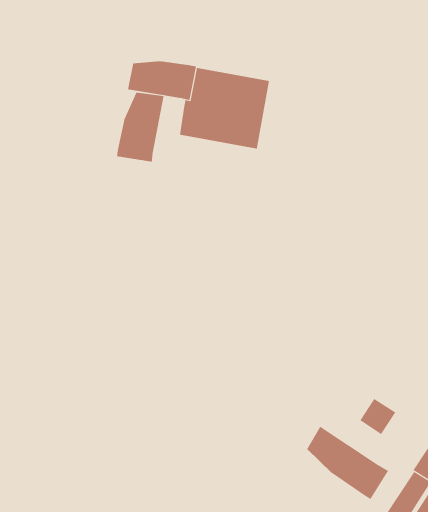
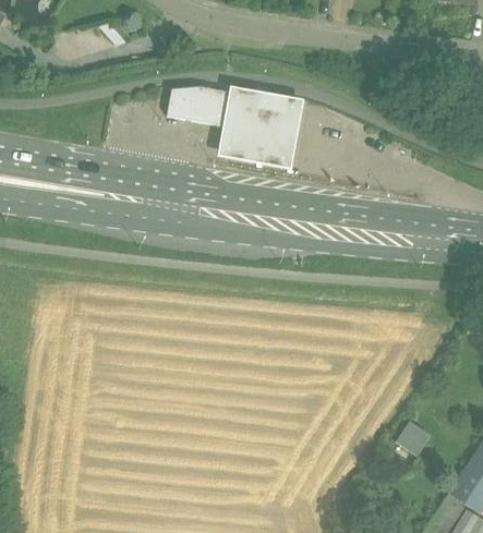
building: [116,92,164,162] -> none
building: [306,426,389,500] -> none

